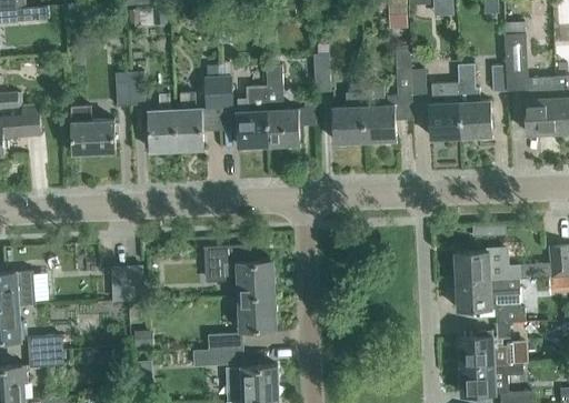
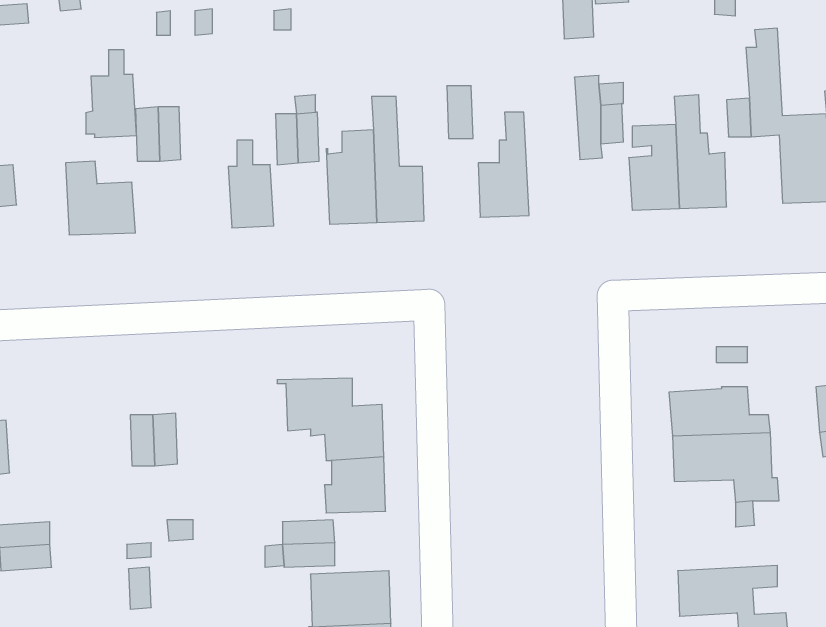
building: [362,75,396,141] -> none
building: [144,94,177,150] -> [86,50,136,137]
building: [459,330,528,366] -> none

